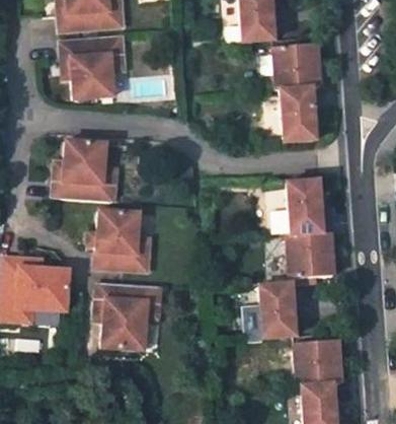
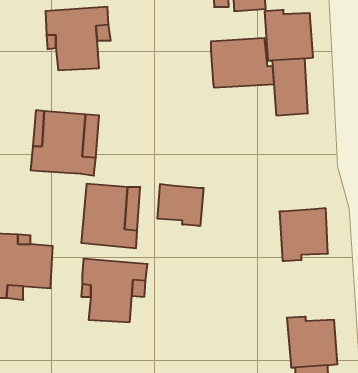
building: none -> [211,38,274,88]
building: [287,181,321,235] -> none
building: none -> [158,184,204,226]
building: [261,283,295,337] -> none

